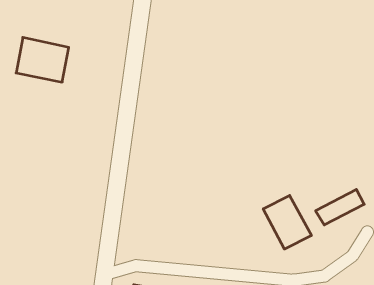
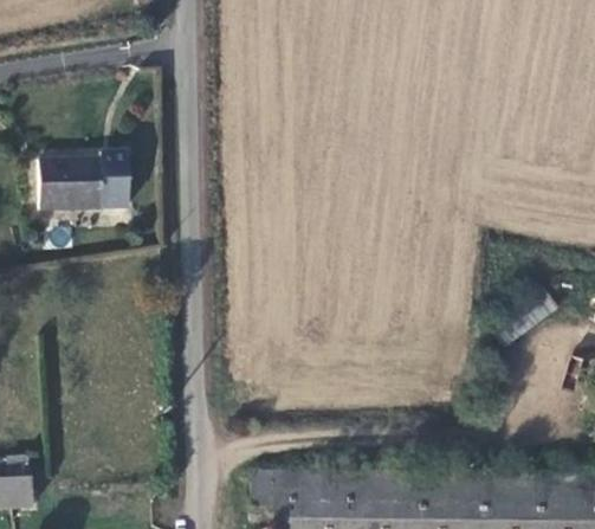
building: [263,195,311,249] -> none

